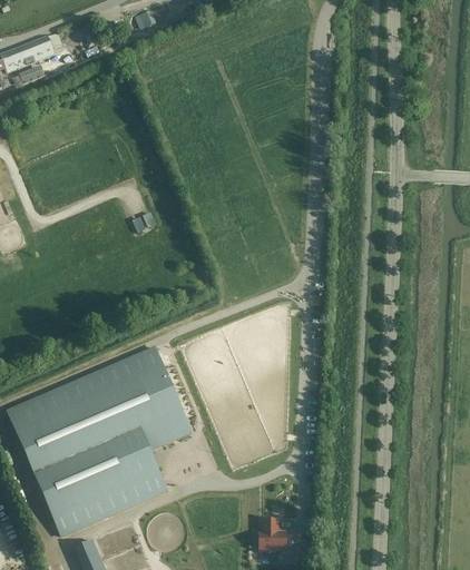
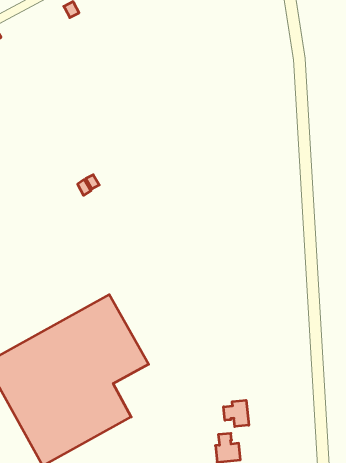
building: none -> [224,400,249,427]

